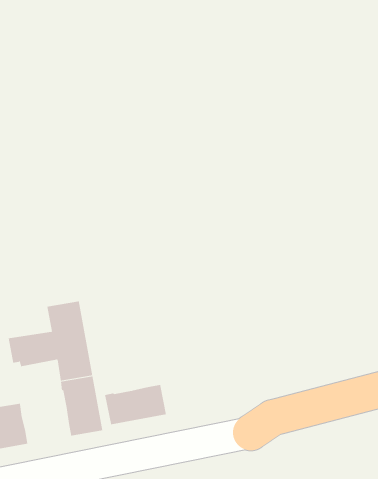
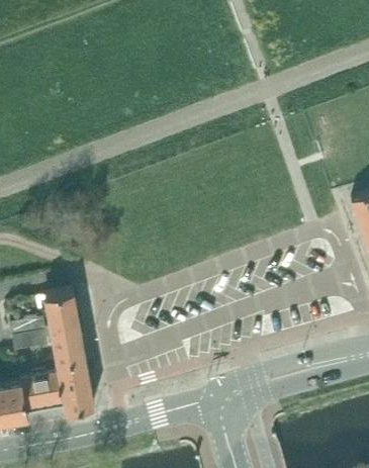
building: [105,384,167,425] -> none
building: none -> [19,375,63,411]

